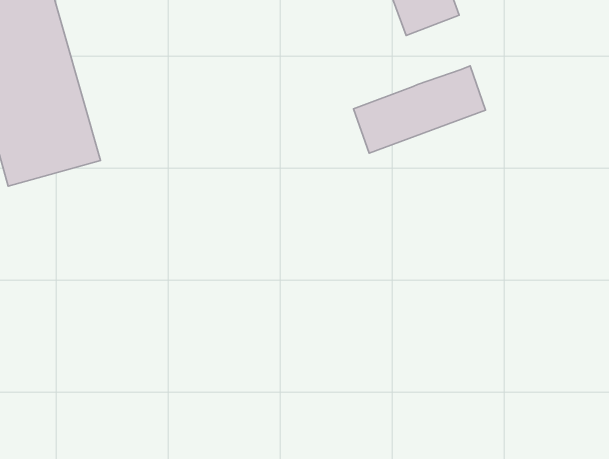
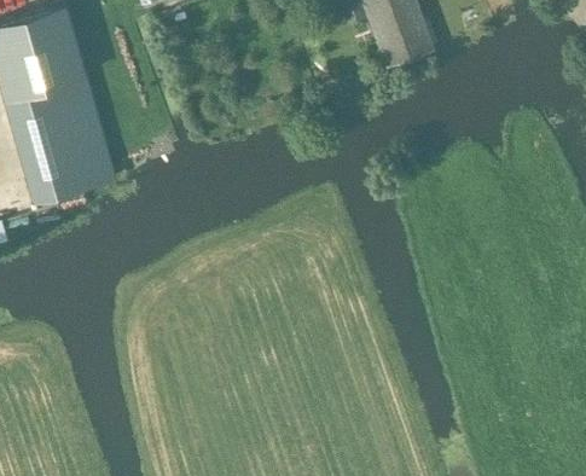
building: [354,66,486,153] -> none

